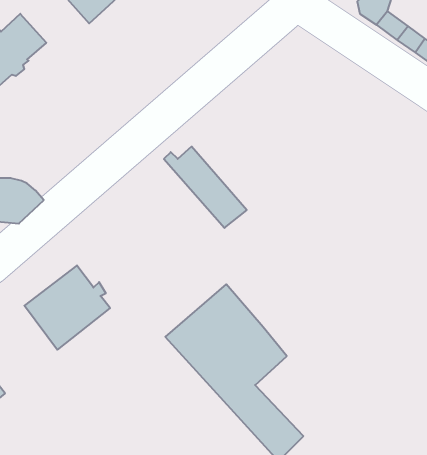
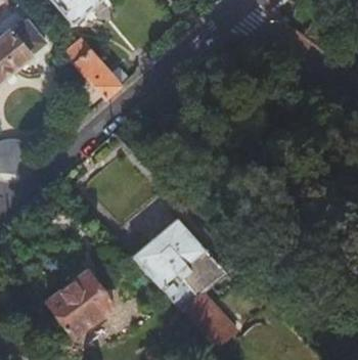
building: [164,147,247,228] -> [61,38,123,98]
building: [24,265,110,350] -> [49,273,113,335]

